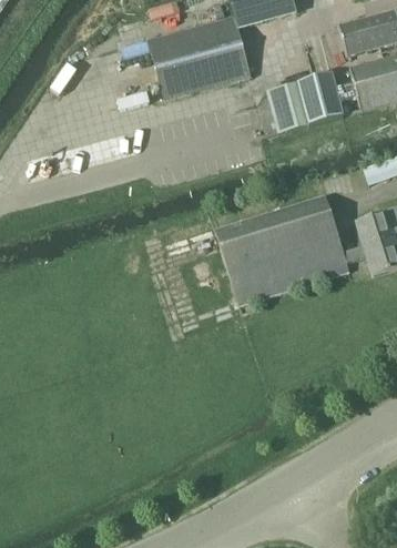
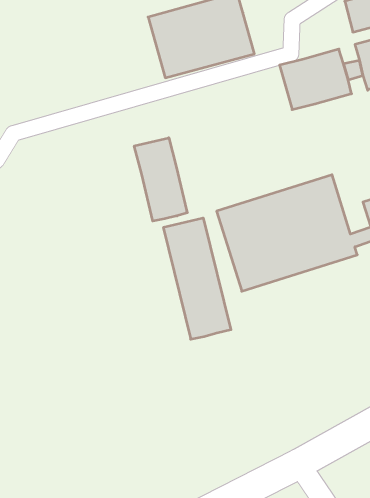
building: none -> [134,138,187,221]
building: none -> [164,218,231,339]

